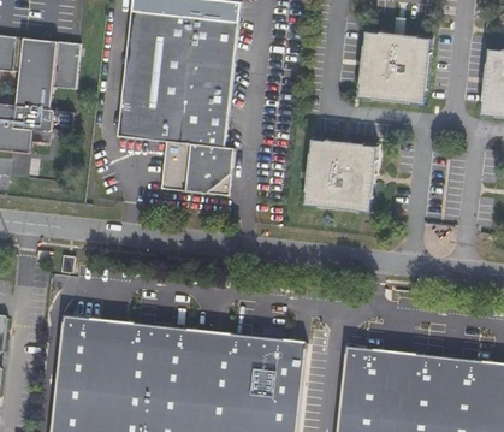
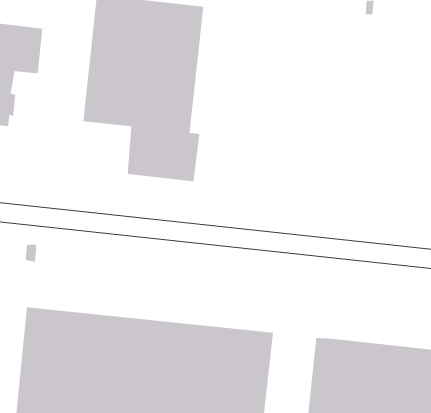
building: [357,32,431,105] -> none
building: [304,138,378,212] -> none

